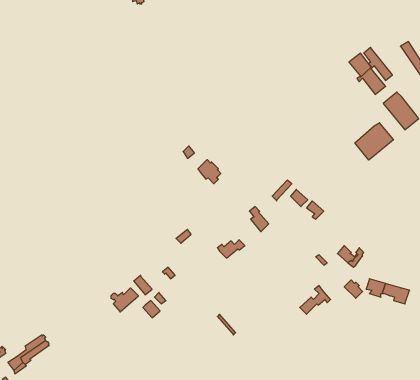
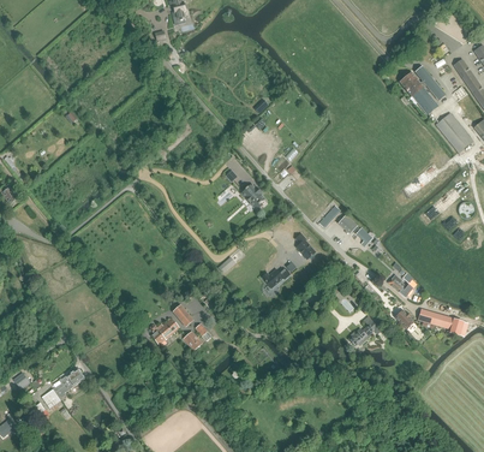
building: [355,123,393,160] -> none

